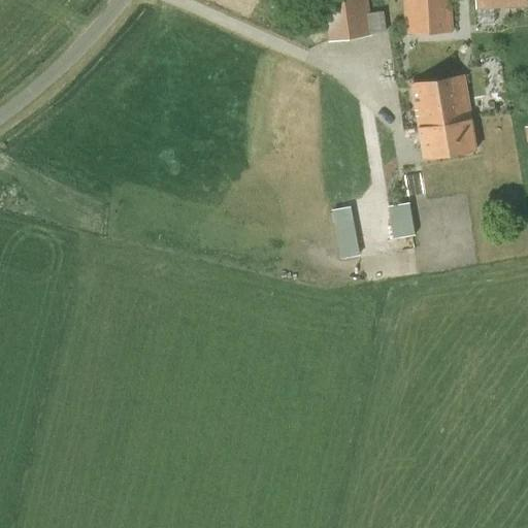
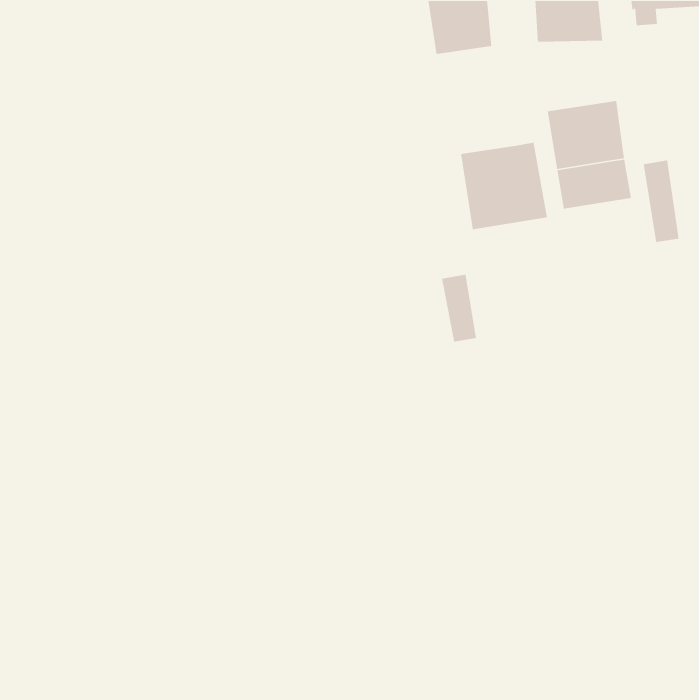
building: none -> [460,142,548,230]
building: none -> [643,160,679,243]
building: [388,202,416,238] -> none

